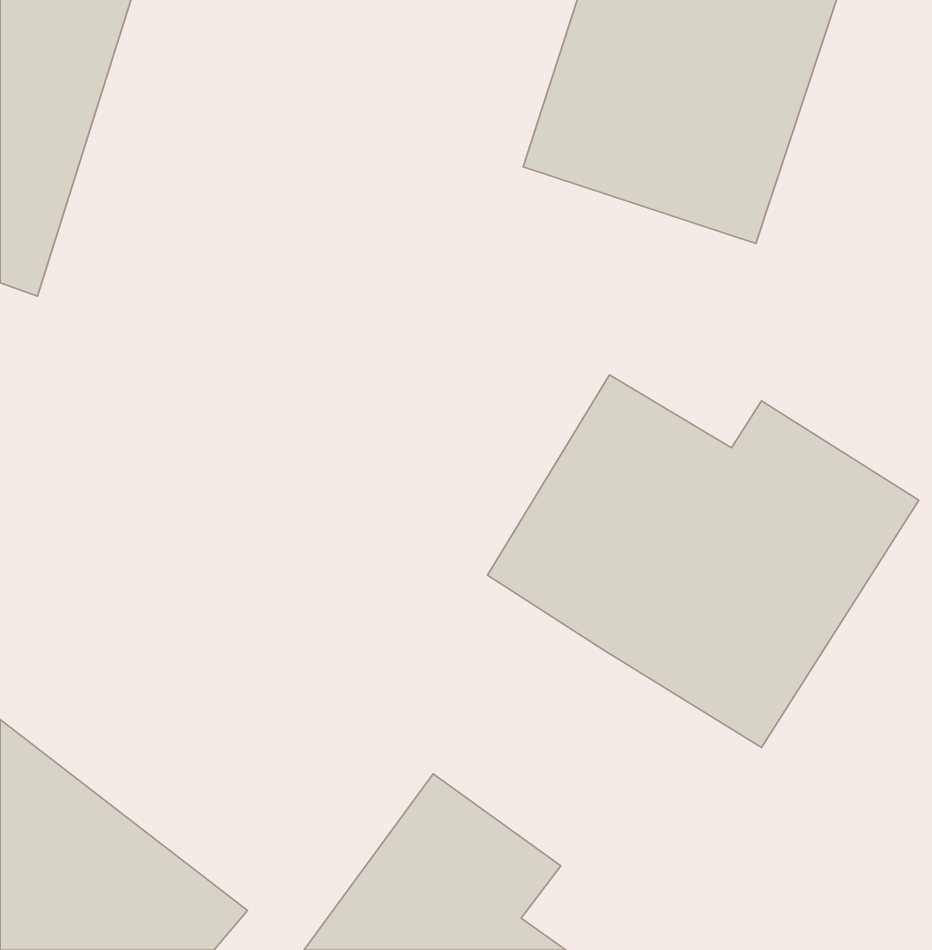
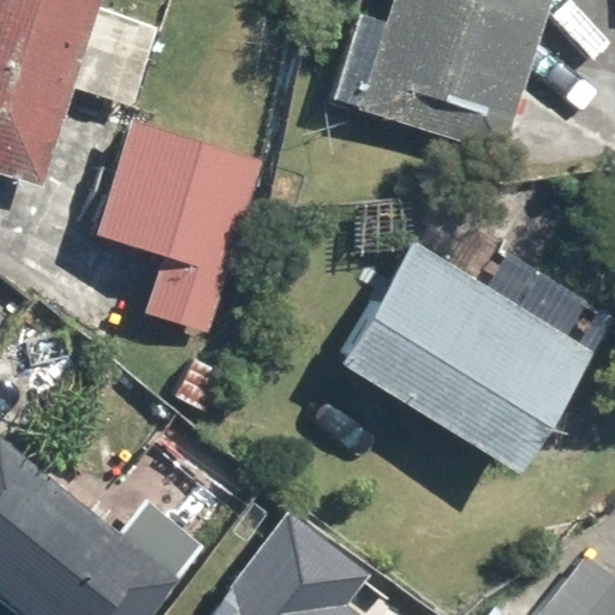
building: none -> [90,118,264,334]

